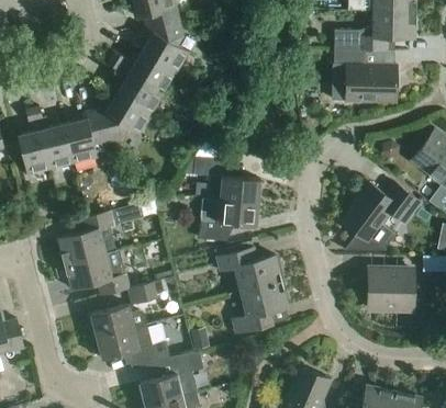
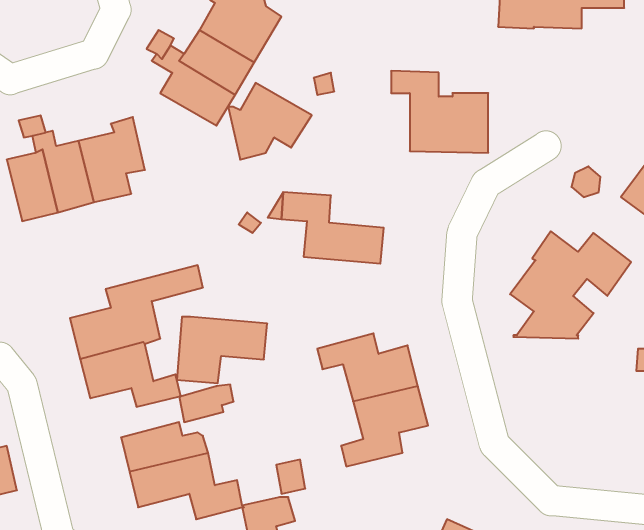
building: [333,50,395,103] -> [391,71,488,153]
building: [98,93,152,143] -> [228,83,312,160]
building: [199,199,257,241] -> [177,317,267,383]
building: [368,269,410,311] -> none

